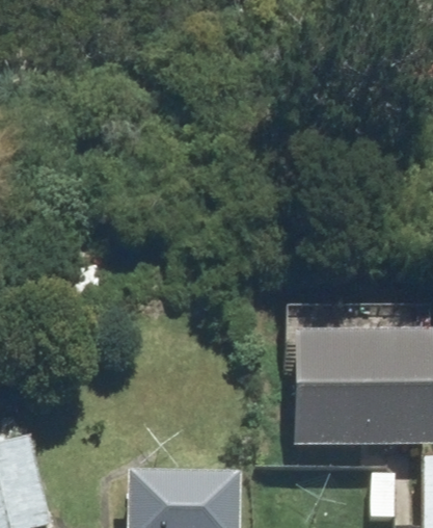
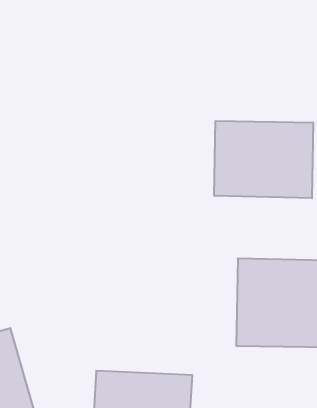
building: none -> [214,121,313,198]

